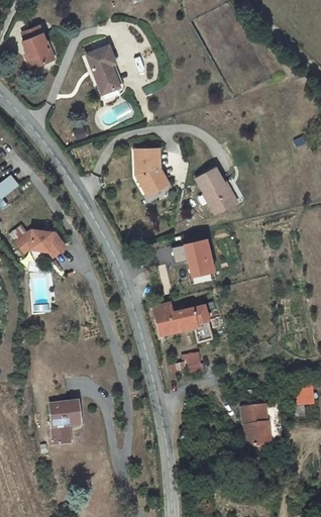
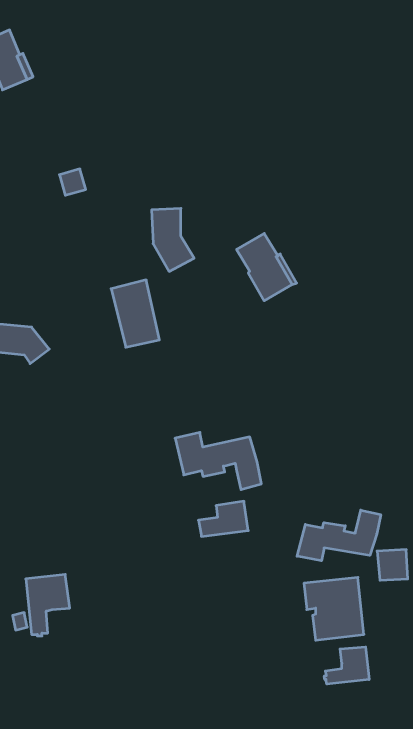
building: [86,45,118,92] -> none
building: [179,233,212,280] -> [111,280,159,347]
building: none -> [297,510,381,561]
building: none -> [324,647,369,684]

